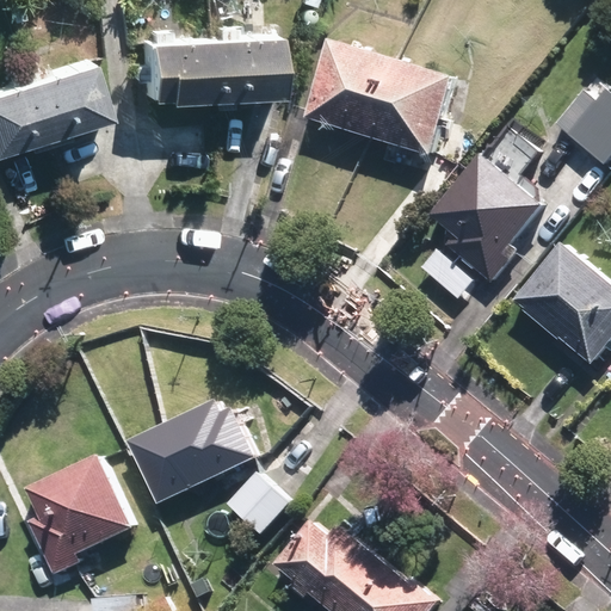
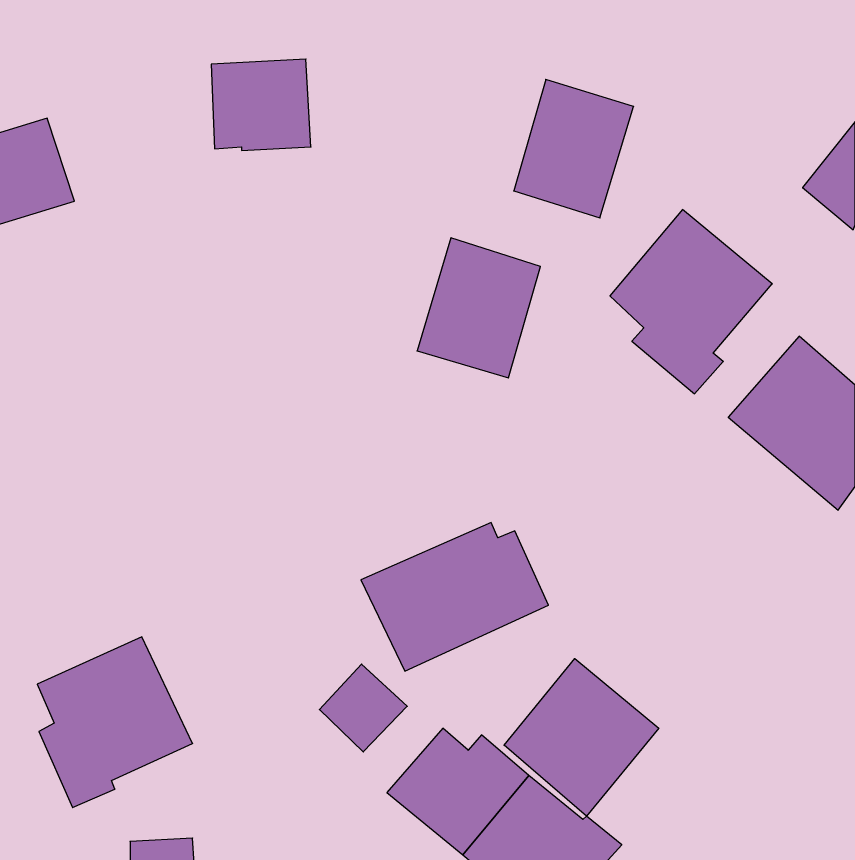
building: [298,38,385,137] -> [417,238,540,378]
building: [216,41,284,106] -> none
building: [33,67,111,144] -> none
building: [126,397,259,502] -> [361,523,548,671]
building: none -> [504,659,659,816]

